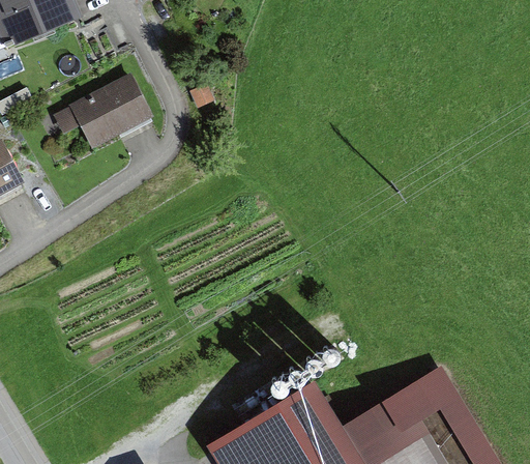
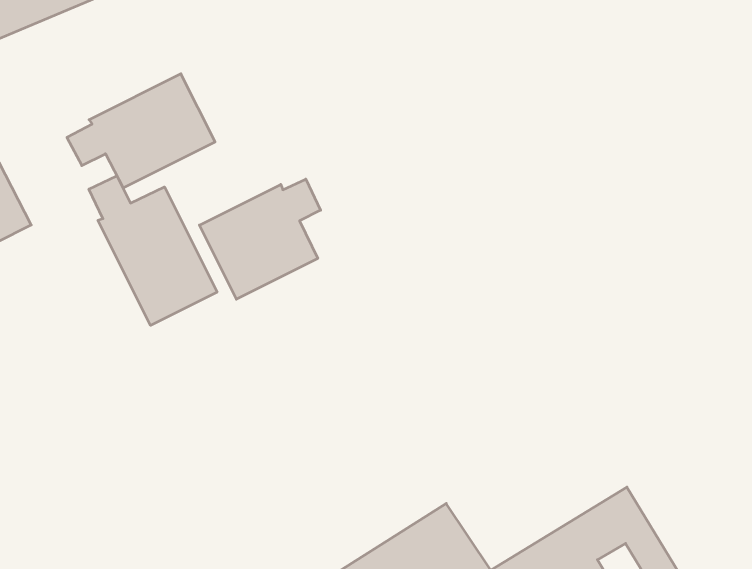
building: none -> [89,176,217,325]
building: none -> [199,179,321,299]

